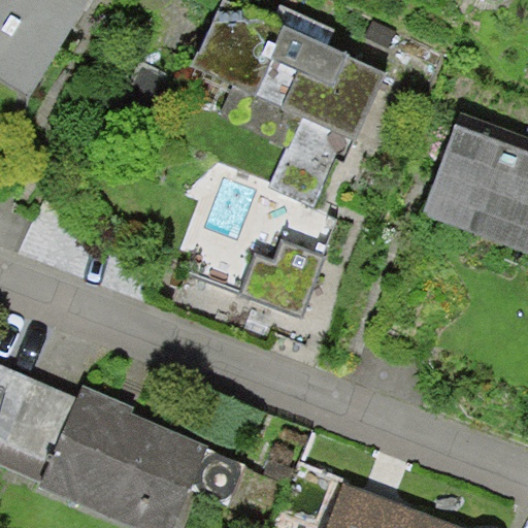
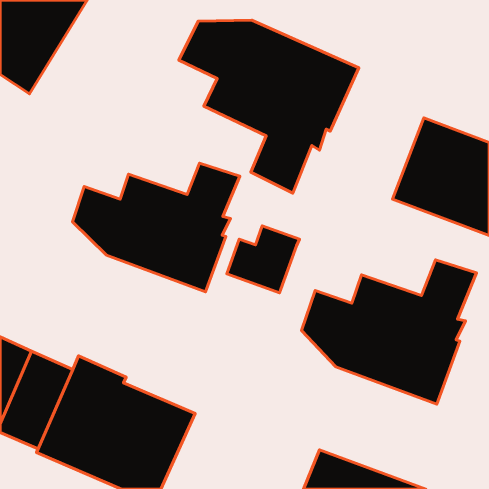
building: none -> [72,163,240,292]
building: none -> [302,260,477,404]

